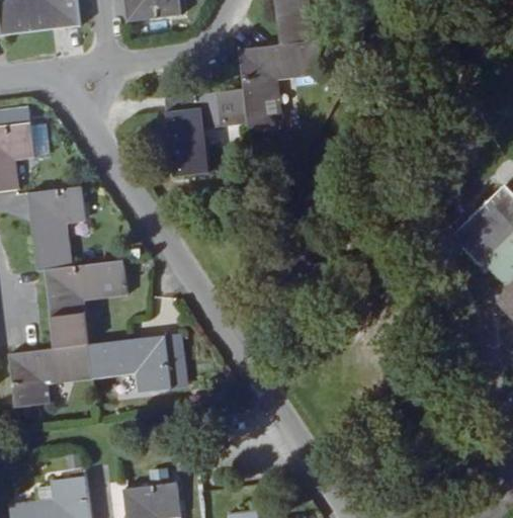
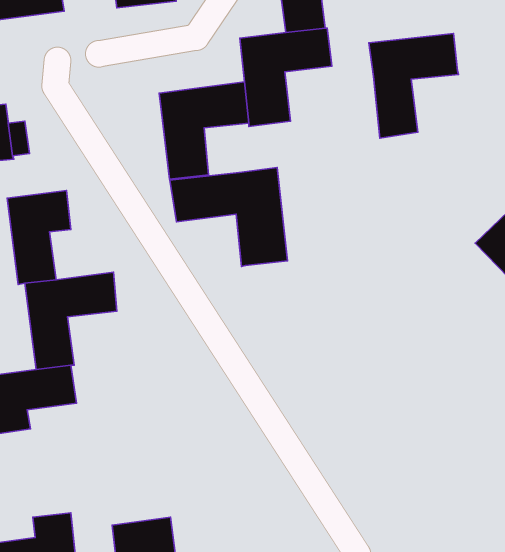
building: none -> [369,34,458,138]
building: none -> [170,167,288,266]
building: [86,336,171,393] -> none

